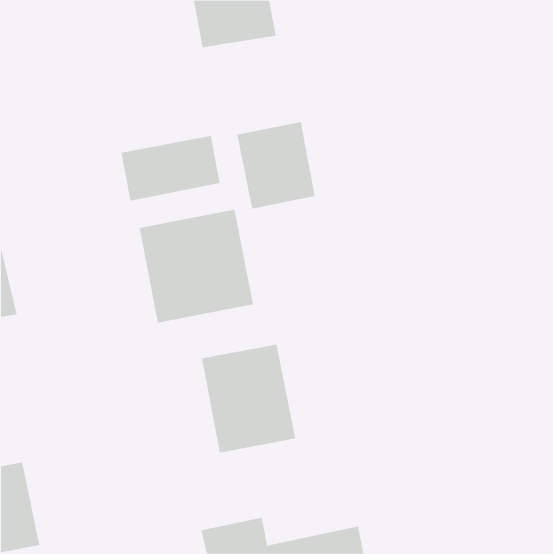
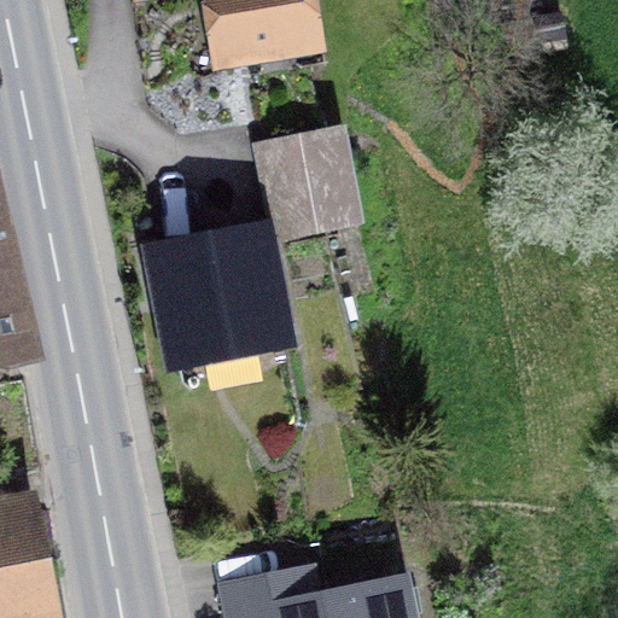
building: [121,135,220,201] -> none
building: [201,344,296,453] -> none

